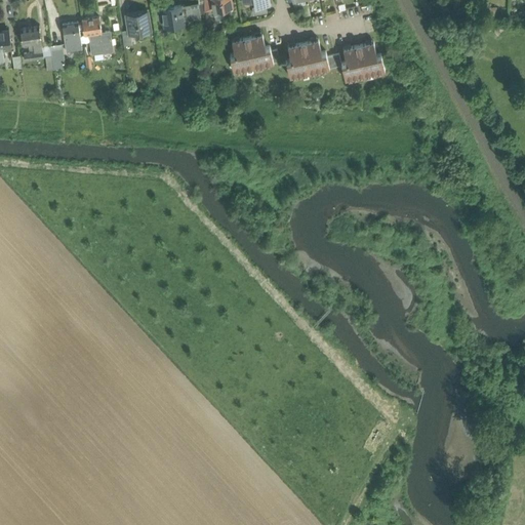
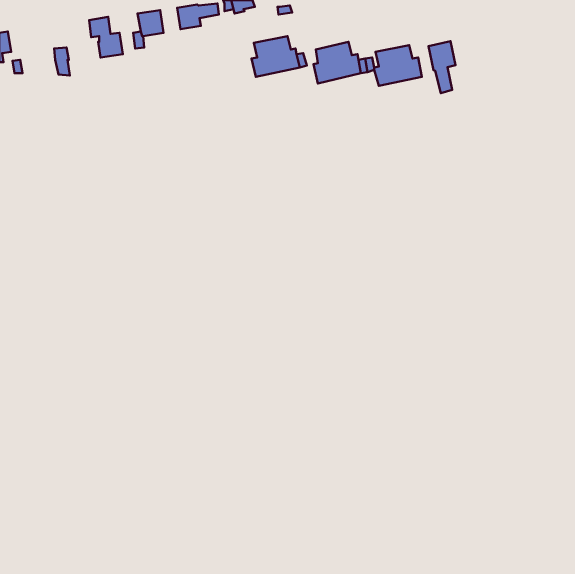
building: [62,23,81,51] -> none
building: [19,27,43,60] -> none
building: none -> [428,41,455,93]

